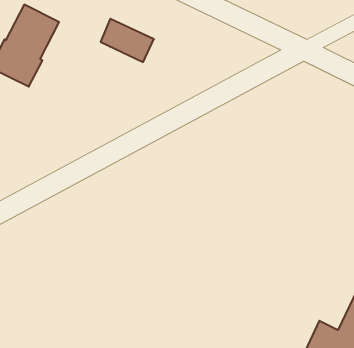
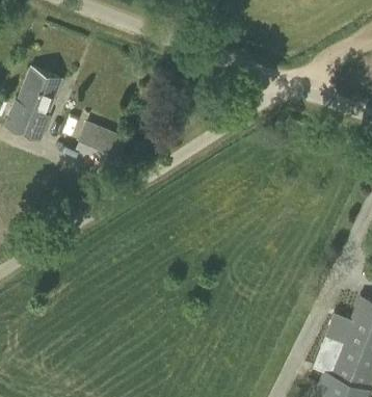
building: [101,19,154,62] -> [79,125,128,162]

